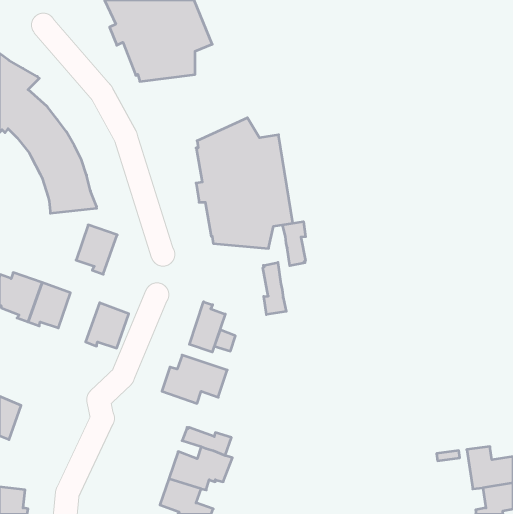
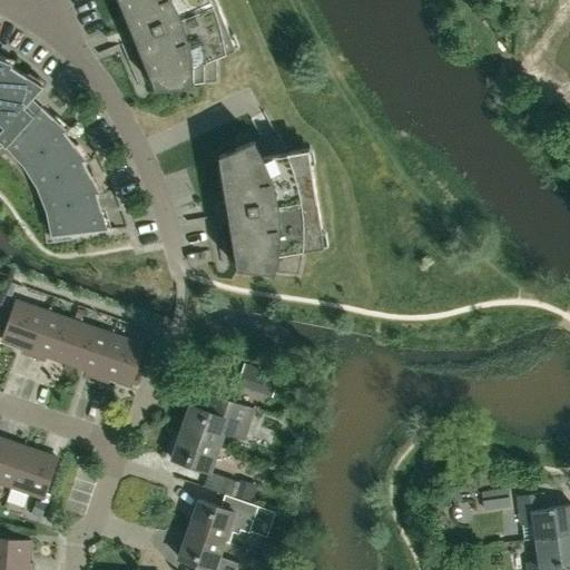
building: [282,222,306,266] -> none
building: [76,225,117,274] -> [65,324,110,379]
building: [263,262,286,315] -> none
building: [189,302,225,352] -> none
building: none -> [169,433,218,474]
building: none -> [10,449,56,498]

